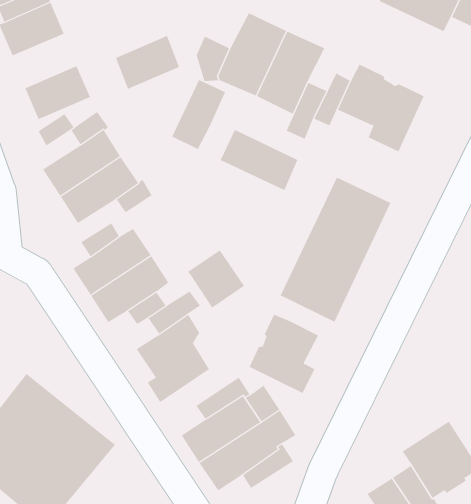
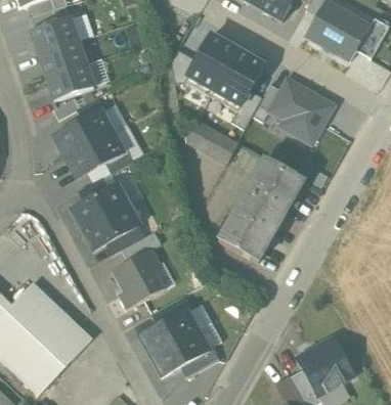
building: [115,35,180,90] -> [39,40,85,77]
building: [171,79,226,150] -> none
building: [187,249,245,308] -> none
building: [249,314,319,394] -> none

